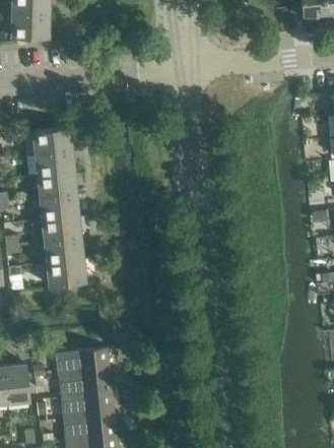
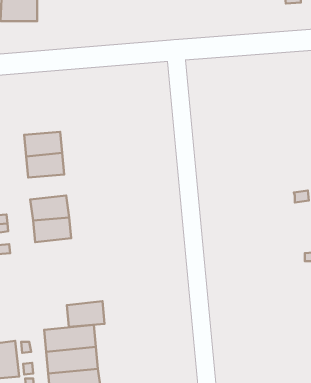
building: [32,127,72,153] -> none
building: [40,194,78,219] -> none
building: [47,259,85,285] -> [67,301,105,327]

